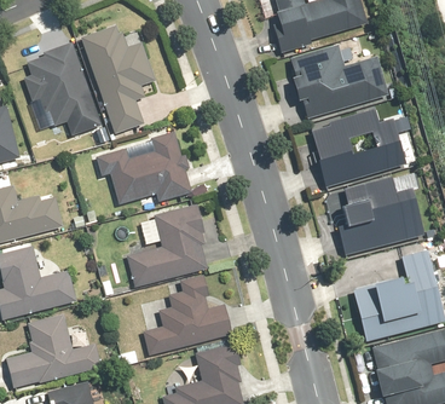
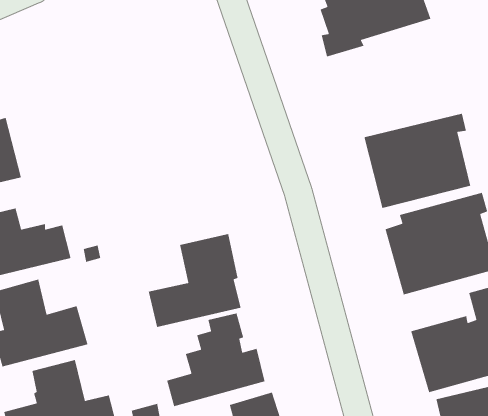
building: [80,25,156,134] -> none
building: [289,34,391,122] -> none
building: [22,42,104,135] -> none
building: [94,134,190,206] -> none

